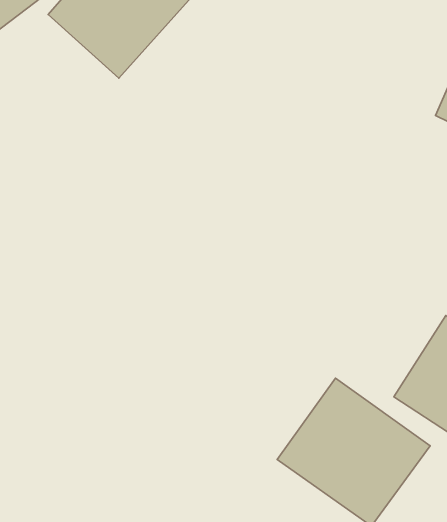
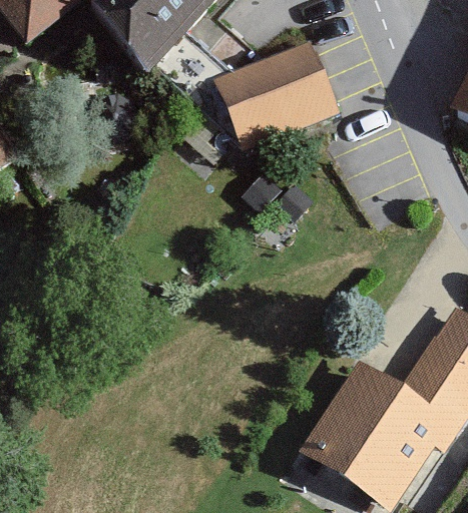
building: none -> [216,40,342,145]

